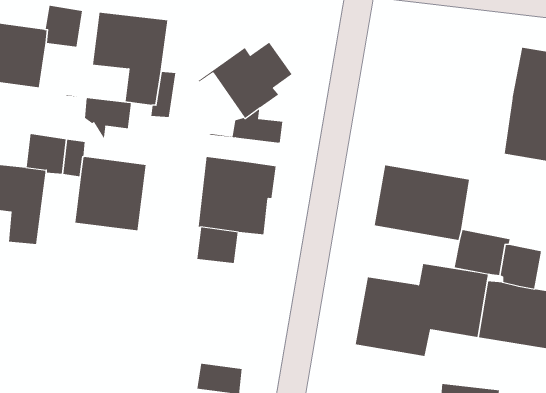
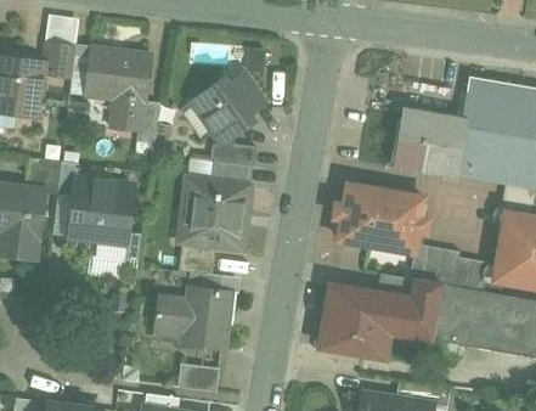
building: none -> [395,114,462,175]
building: [65,94,131,140] -> none
building: none -> [213,161,253,186]
building: none -> [157,286,232,349]

